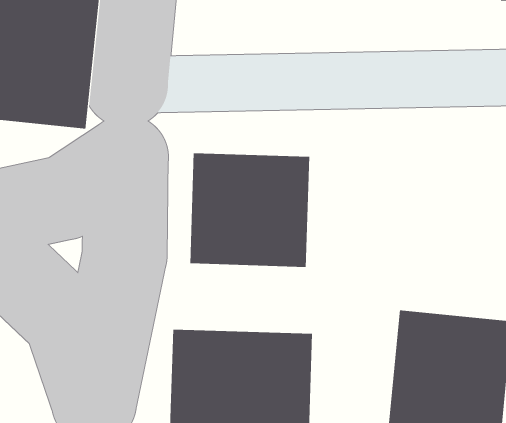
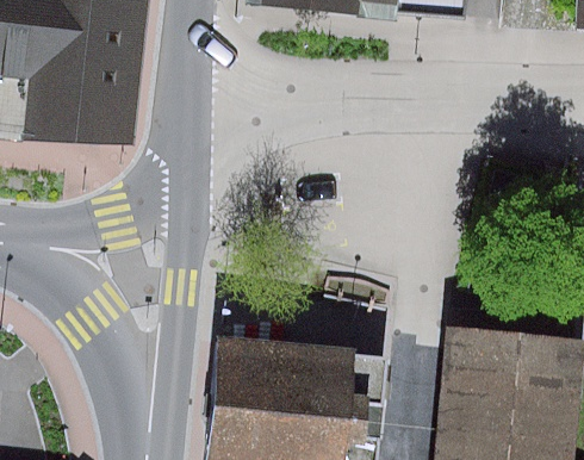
building: [190,152,310,268] -> none

